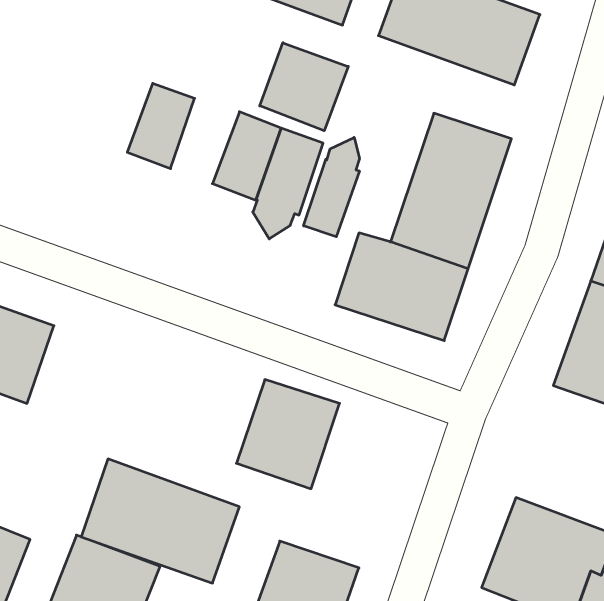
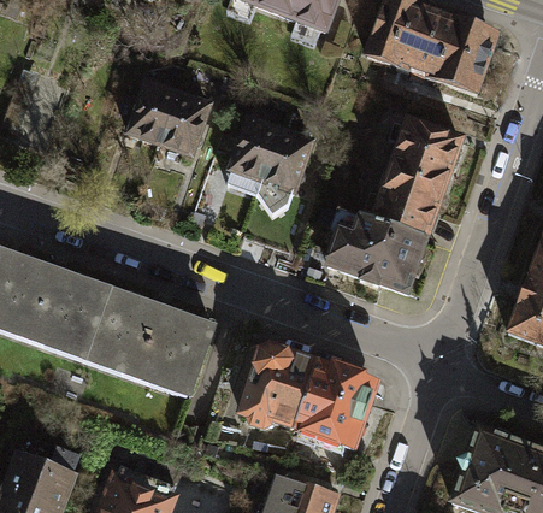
building: [260,43,348,131] -> none
building: none -> [123,79,178,148]
building: [304,137,359,237] -> none
building: none -> [306,350,389,440]
building: [81,459,239,583] -> [77,288,205,388]

